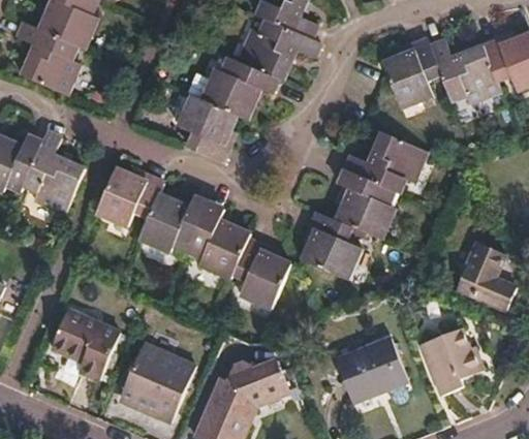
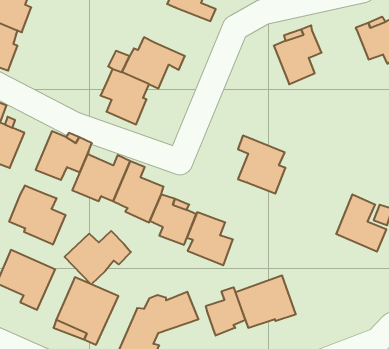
building: [240,17,319,77] -> none
building: [431,38,502,99] -> none
building: [347,133,424,193] -> none
building: [306,216,362,280] -> [187,212,233,265]
building: none -> [9,185,65,245]
building: none -> [65,231,131,284]
building: [427,332,492,398] -> none
building: none -> [206,287,245,336]

